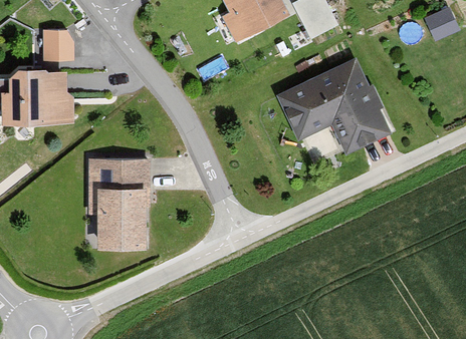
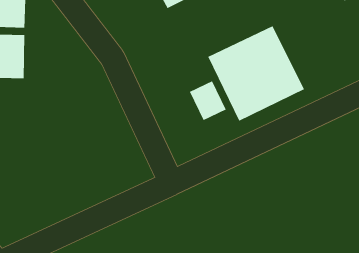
building: none -> [189,80,227,121]
building: [88,156,146,244] -> none

